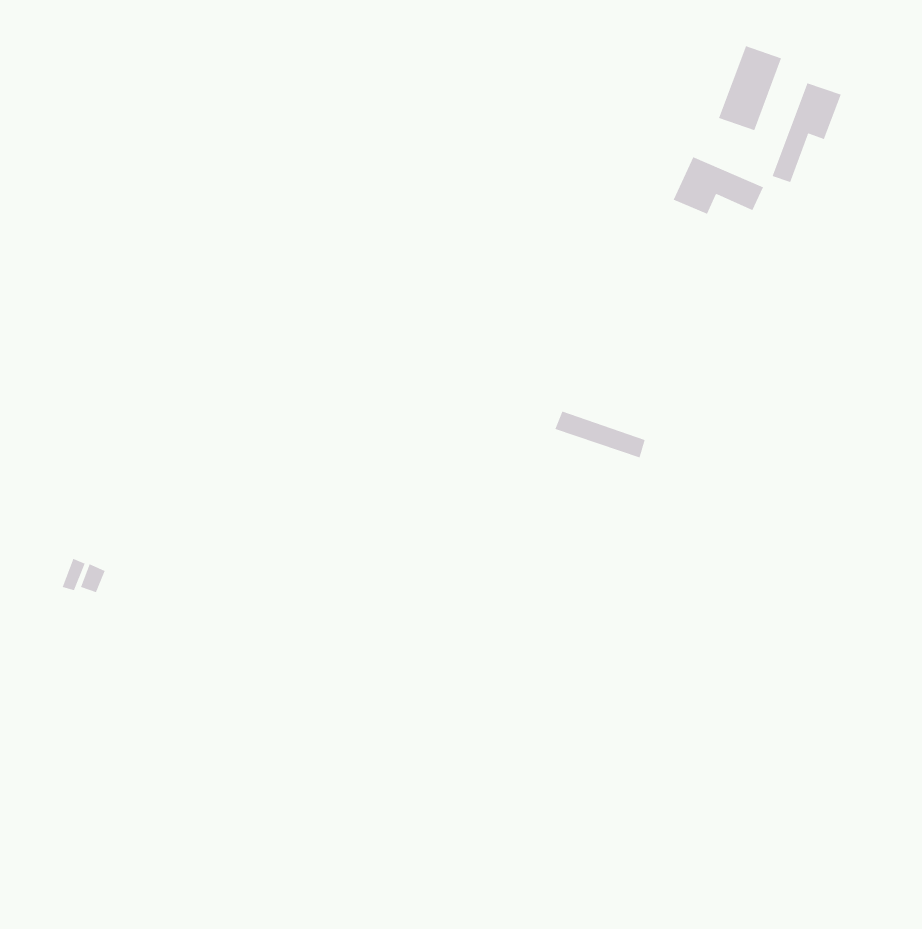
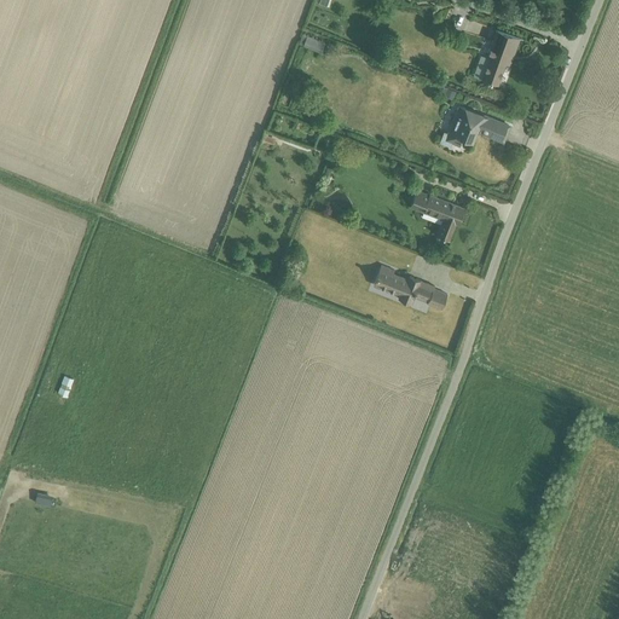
building: [772,83,842,183] -> none
building: none -> [410,190,459,242]

